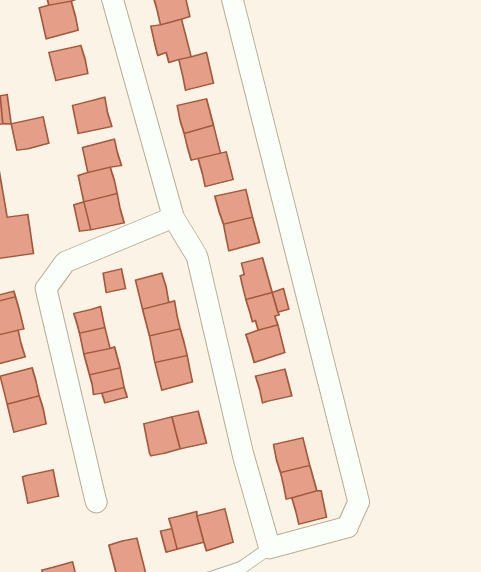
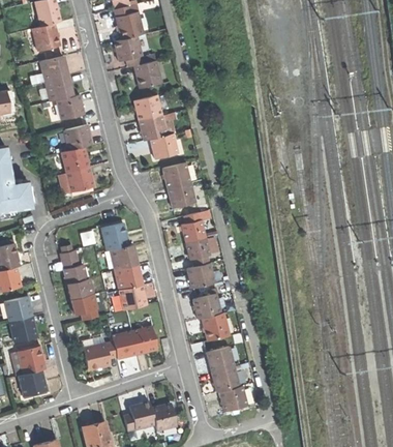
building: [11,117,49,150] -> [46,77,73,101]
building: none -> [202,315,229,341]
building: none -> [84,341,115,370]
building: none -> [19,347,48,375]

